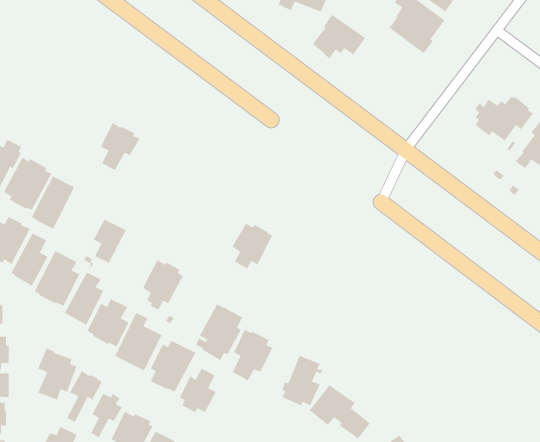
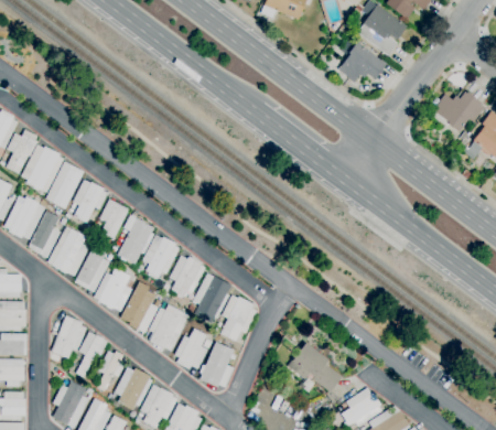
building: [312,14,366,59] -> [338,42,386,82]
building: [100,122,140,171] -> [73,179,108,222]
building: [231,223,273,269] -> [169,256,205,297]
building: none -> [111,215,154,264]
building: [282,355,323,407] -> [200,342,236,387]

